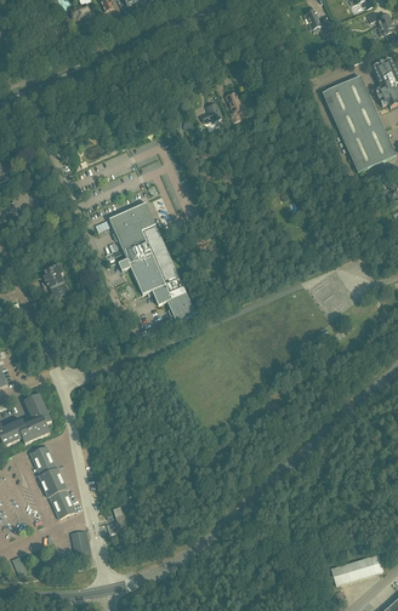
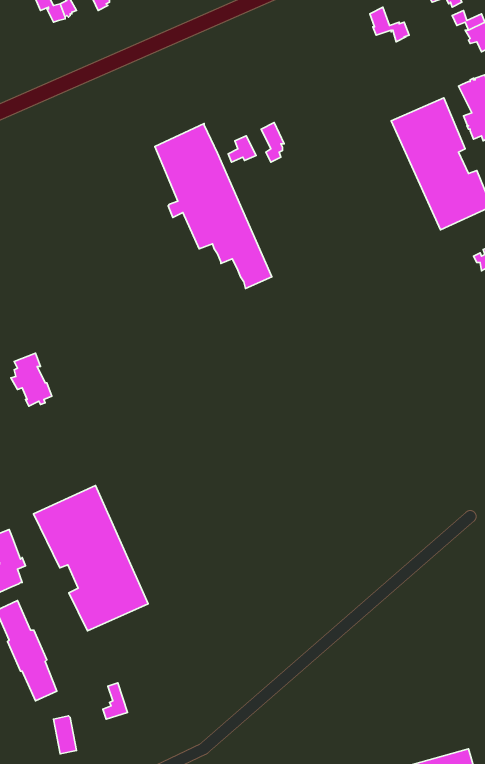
building: [108,200,194,321] -> [155,124,272,288]
building: none -> [34,485,148,631]

